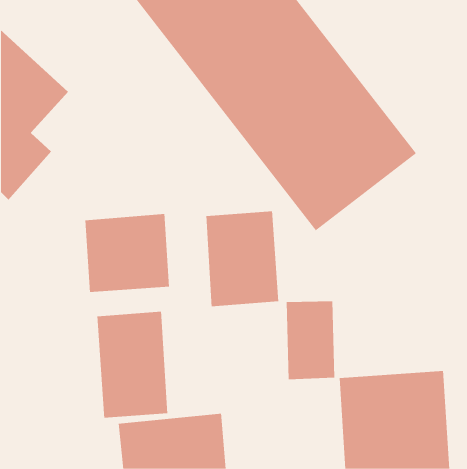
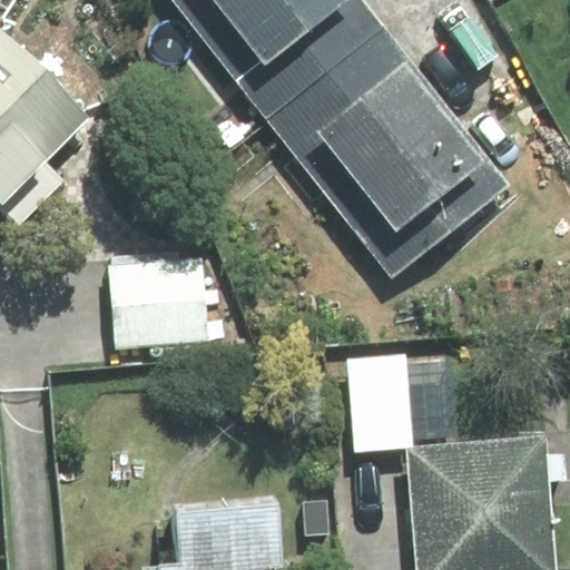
building: [206,210,279,307] -> none
building: [97,311,168,419] -> none

